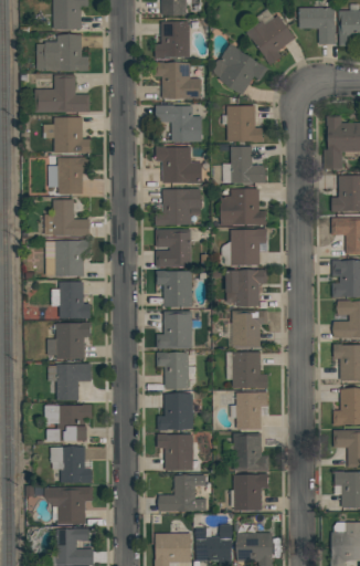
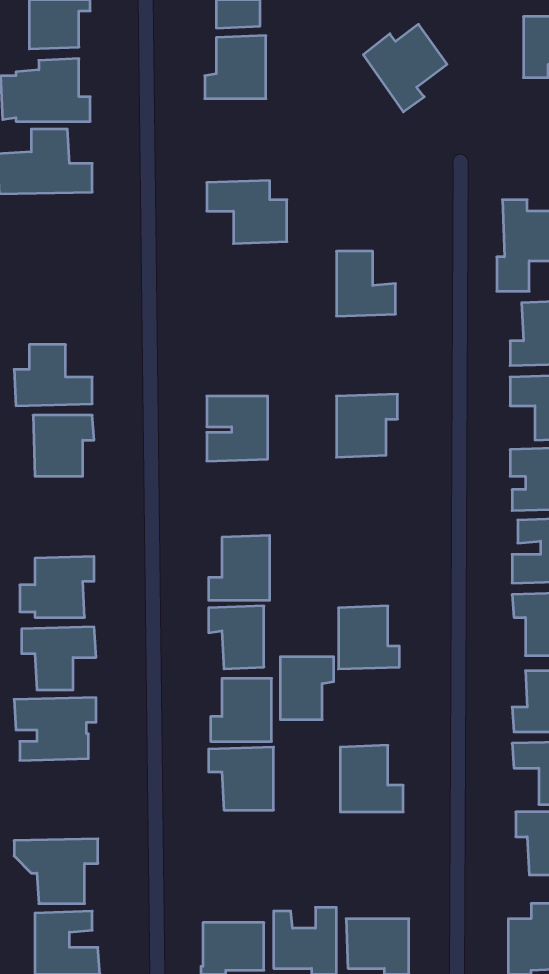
building: [298,8,336,45] -> none
building: [219,43,267,94] -> none
building: [155,62,201,99] -> none
building: [226,105,263,142] -> none
building: [43,117,89,153] -> none
building: [155,147,202,182] -> none
building: [59,157,89,195] -> none
building: [156,189,202,226] -> none
building: [220,189,266,226] -> none
building: [225,270,267,306] -> none
building: [157,271,192,306] -> none
building: [59,282,91,318] -> none
building: [232,311,267,347] -> none
building: [236,392,267,429] -> [280,657,334,720]
building: [50,447,92,483] -> none
building: [233,474,268,511] -> none
building: [158,475,207,512] -> none

